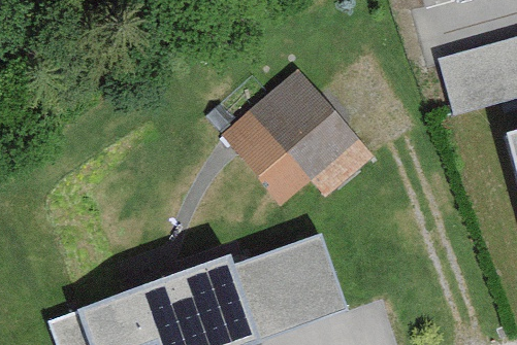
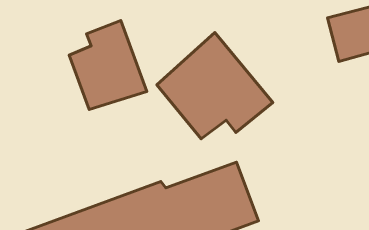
building: none -> [69,21,147,110]

